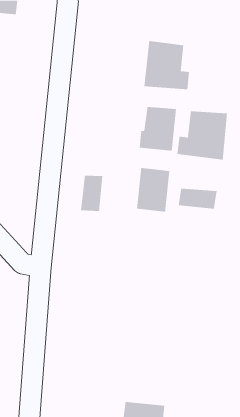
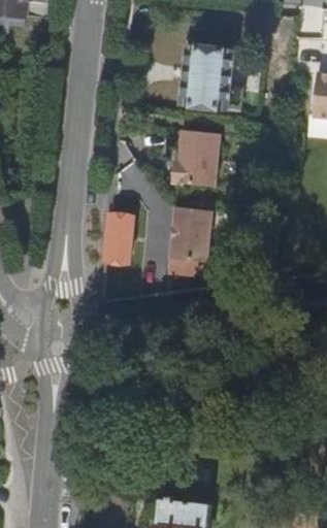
building: [177,111,228,161] -> none
building: [178,188,217,209] -> none

